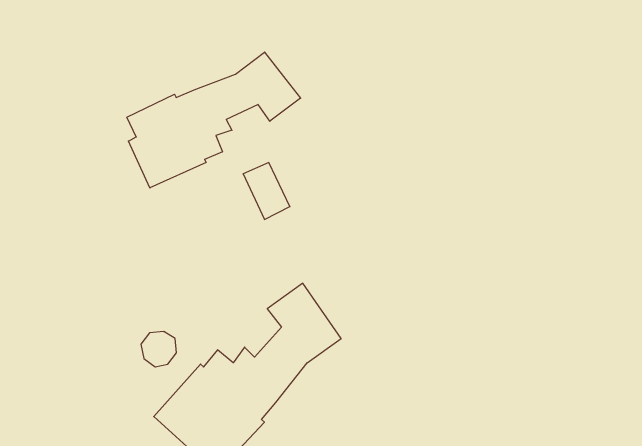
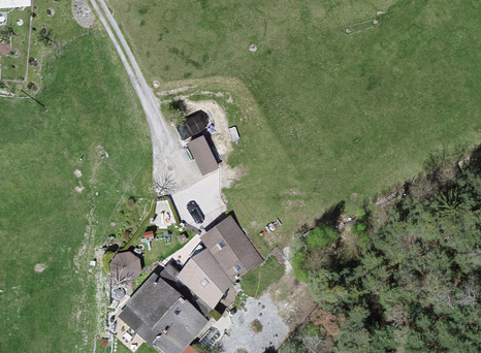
building: [127,52,301,188] -> none

